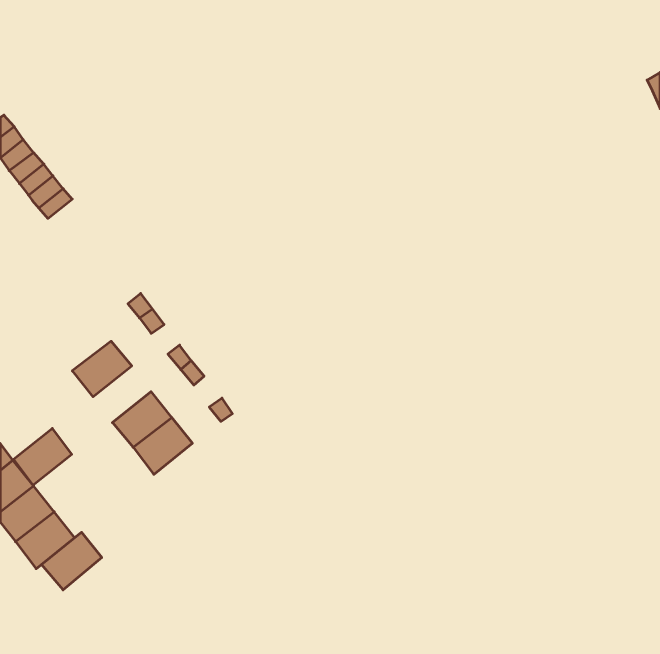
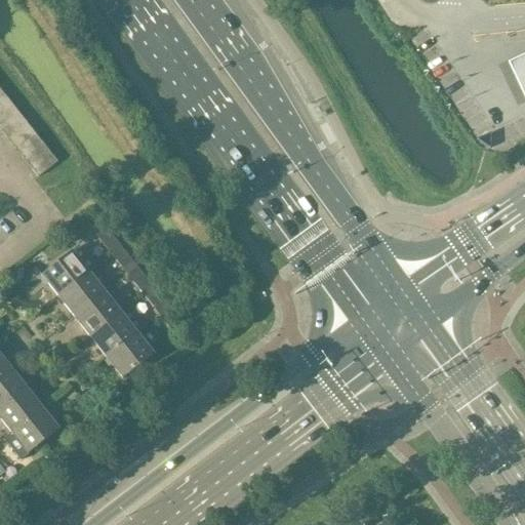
building: none -> [41,243,96,294]
building: [14,428,72,485] -> [74,290,120,335]
building: [42,532,102,590] -> none

